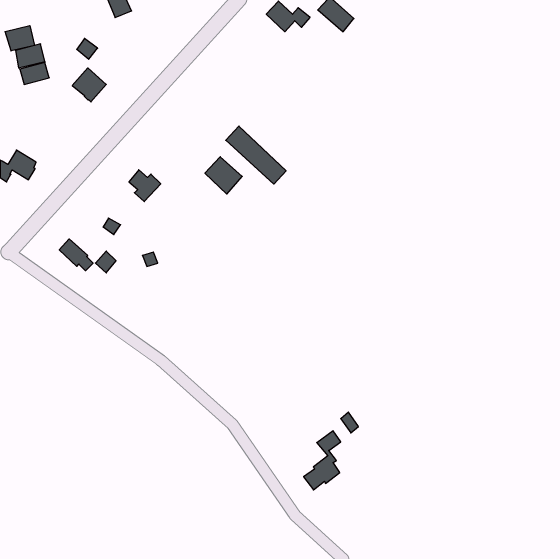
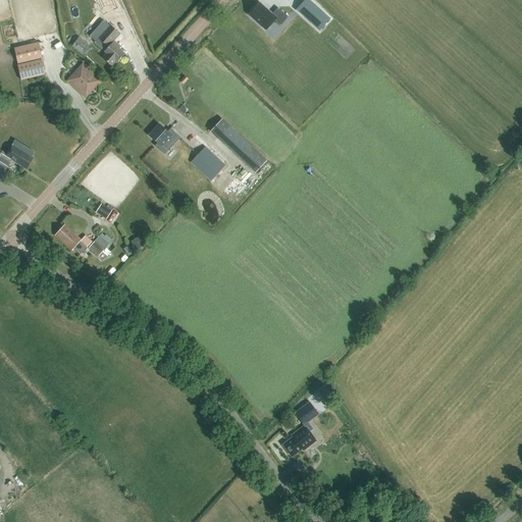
building: none -> [95,23,125,64]
building: [5,26,35,51] -> none
building: [129,170,161,202] -> [150,123,179,153]

